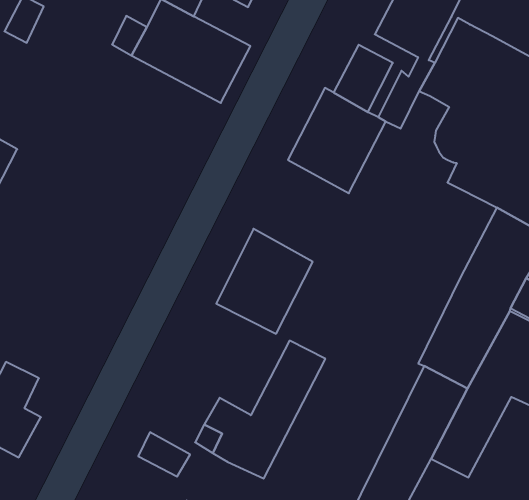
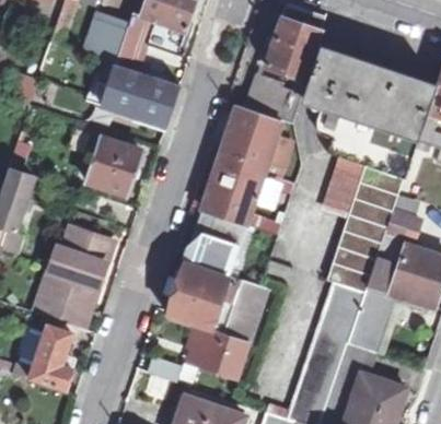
building: none -> [85,138,141,190]
building: none -> [202,157,264,224]
building: none -> [323,160,365,220]
building: none -> [48,226,112,325]
building: none -> [166,264,239,334]

